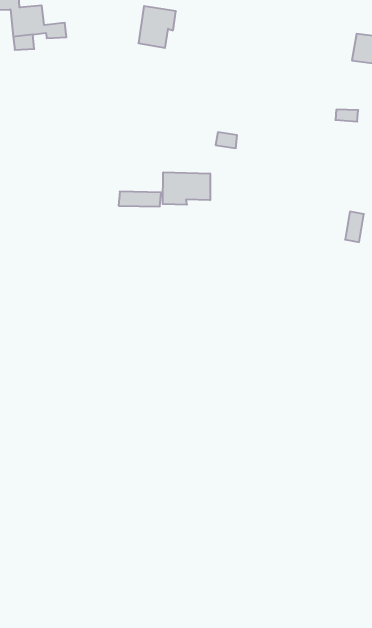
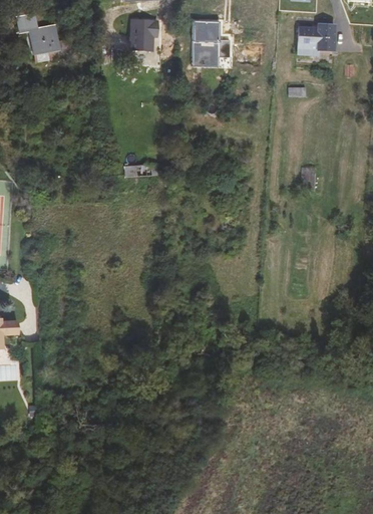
building: none -> [185,20,217,68]
building: [163,172,210,205] -> none

